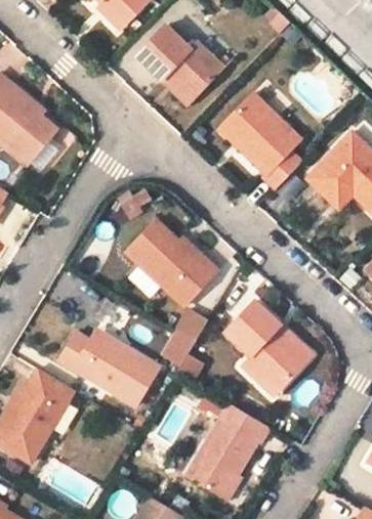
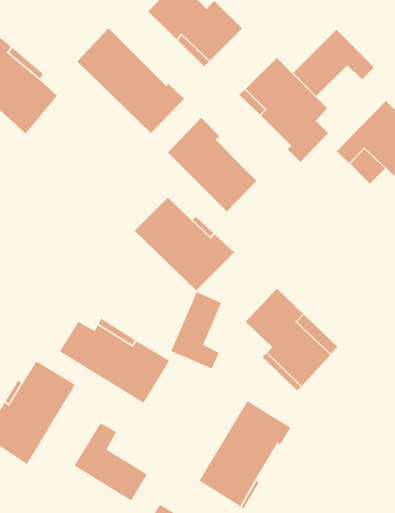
building: none -> [77,28,185,134]
building: none -> [292,29,375,97]
building: none -> [167,117,257,212]
building: none -> [74,422,148,501]

